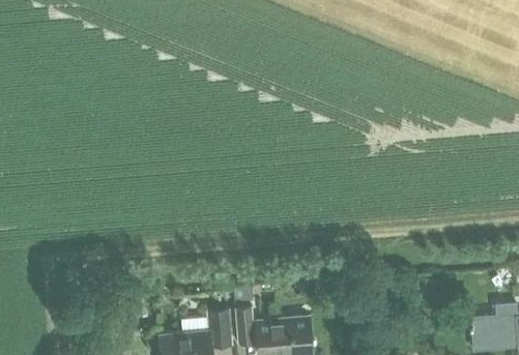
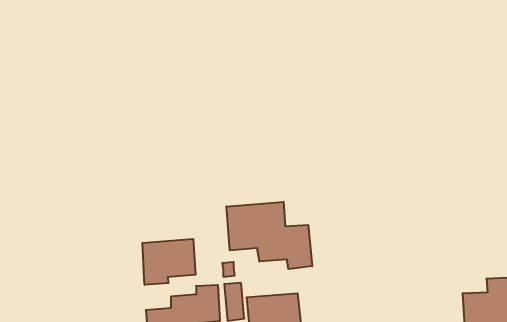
building: none -> [226,202,312,269]
building: none -> [142,239,196,285]

